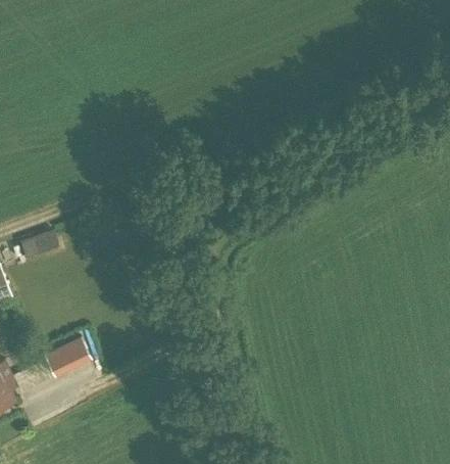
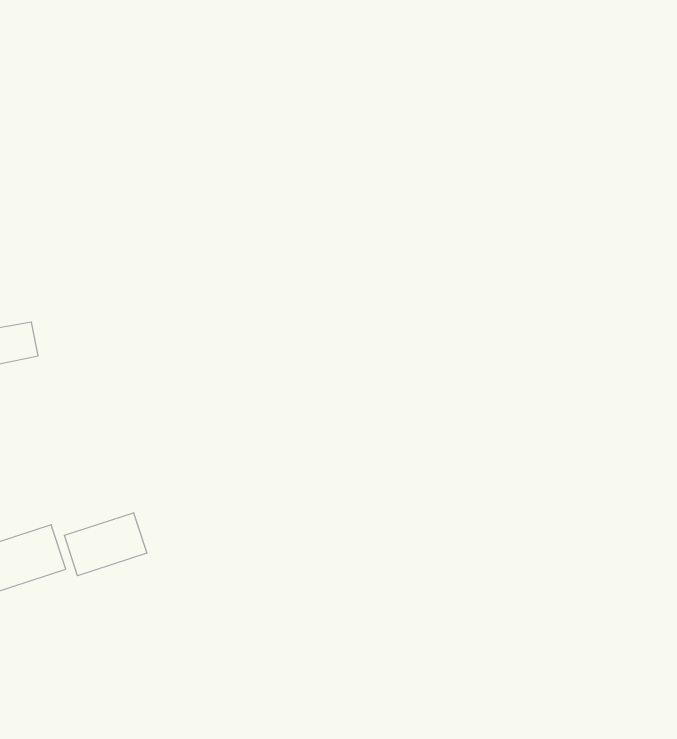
building: none -> [64,513,147,576]

